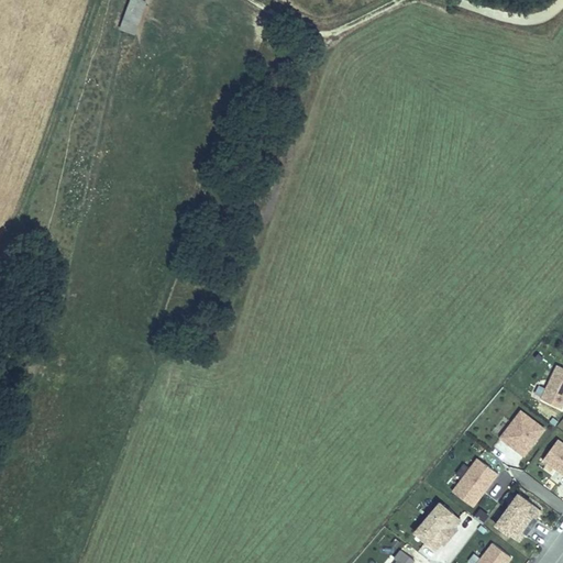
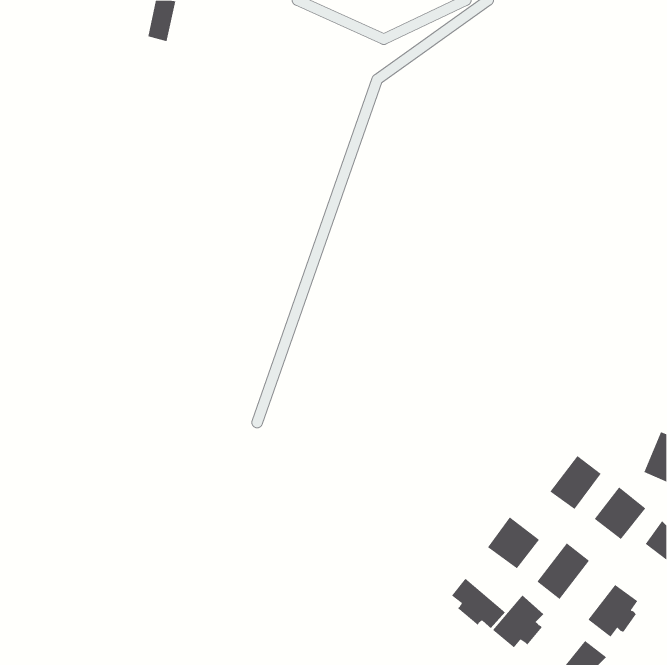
building: none -> [549,455,601,510]
building: none -> [487,516,540,569]
building: none -> [451,578,506,629]

